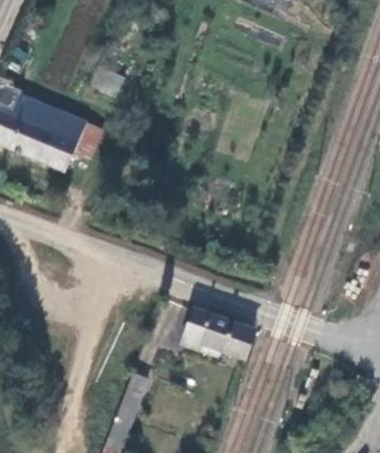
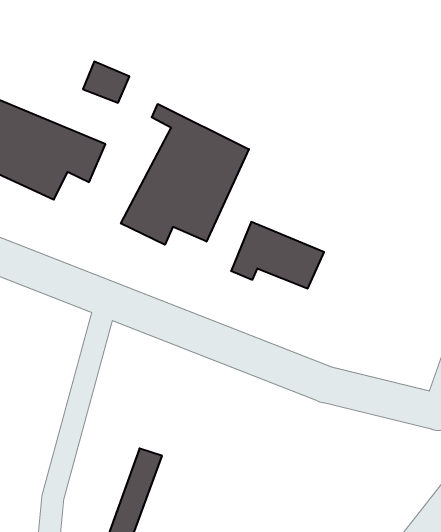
building: none -> [121,104,249,245]
building: [176,306,251,359] -> [231,222,324,288]

